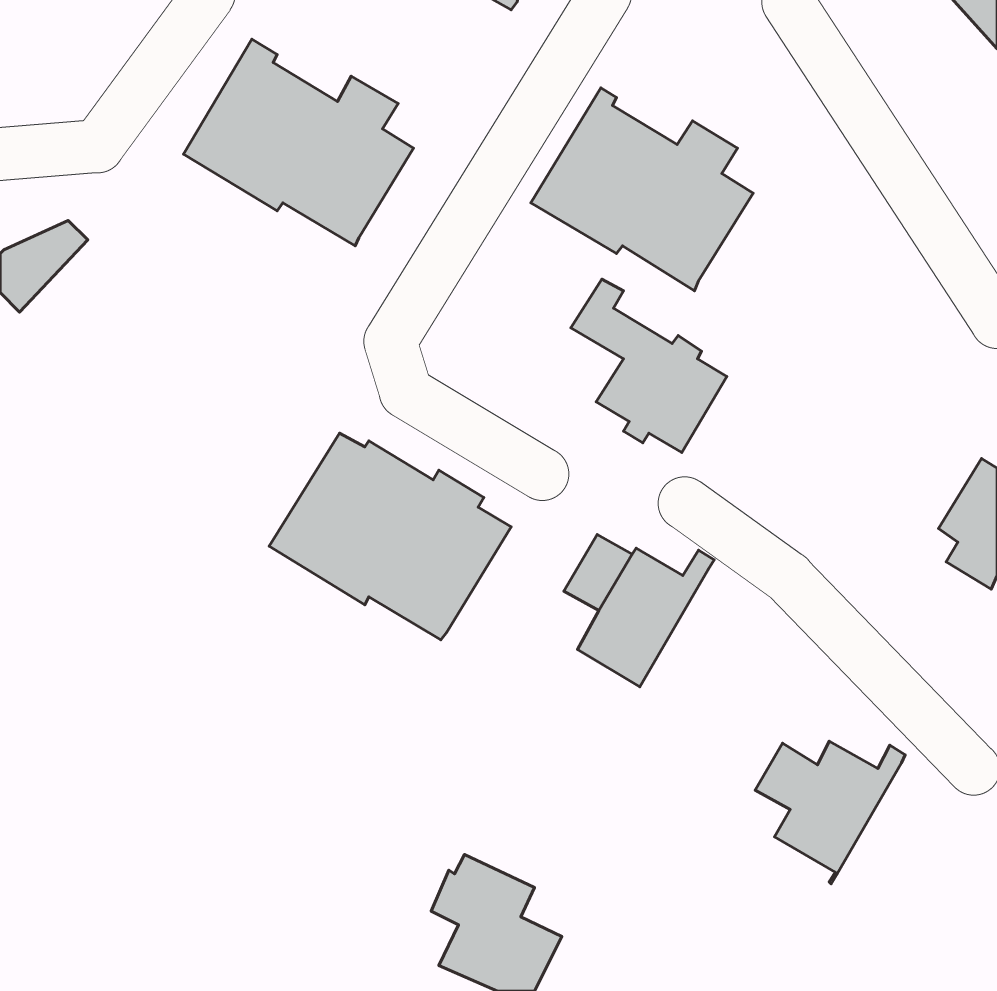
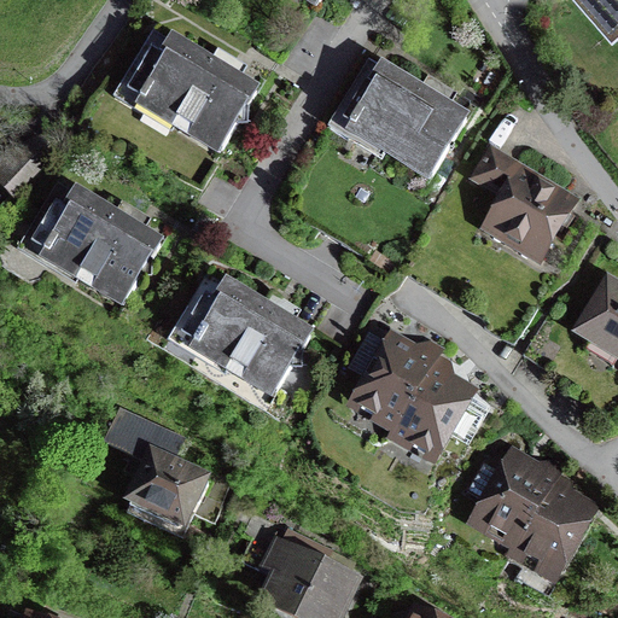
building: [571,279,727,453] -> [472,147,569,255]
building: none -> [17,176,165,304]
building: none -> [392,352,486,454]
building: none -> [106,409,226,537]
building: none -> [514,472,589,570]

